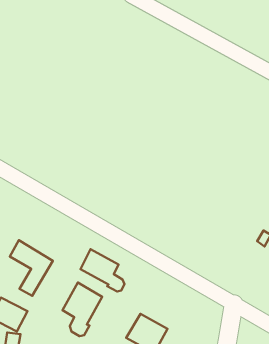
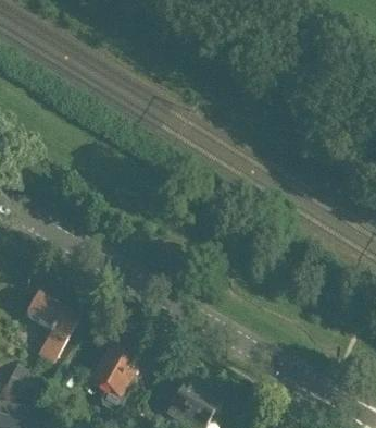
building: [80,249,124,292] -> none

